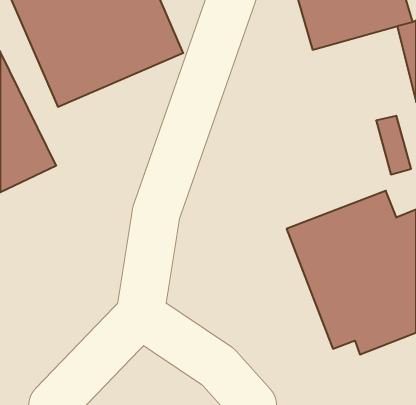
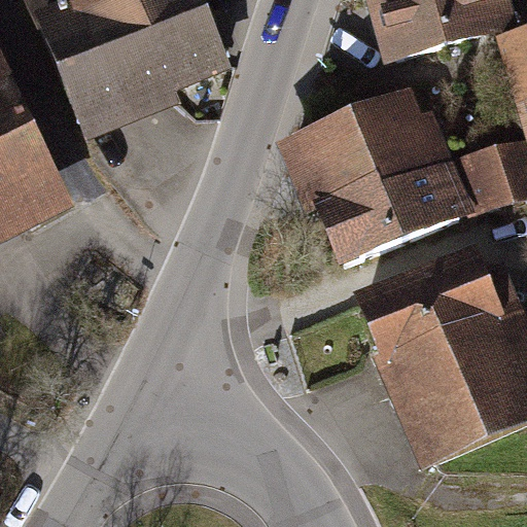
building: none -> [282,90,462,266]

